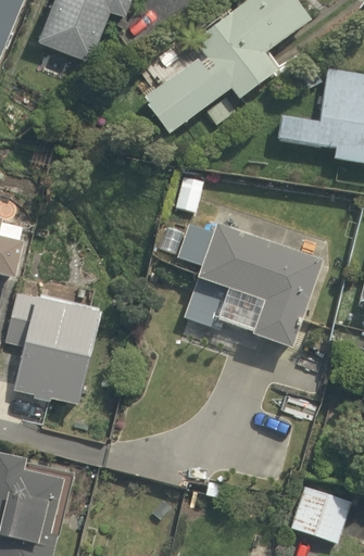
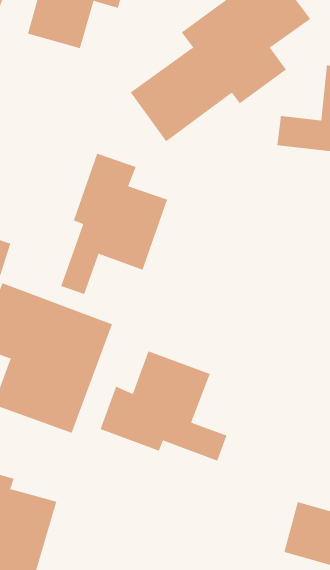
building: none -> [60,153,168,295]
building: [172,219,322,353] -> none
building: none -> [100,350,227,462]

